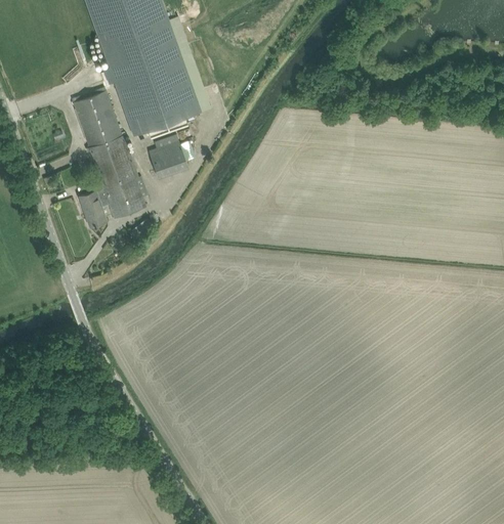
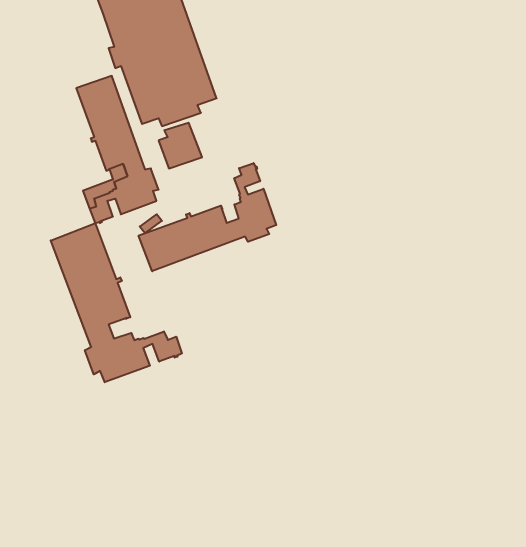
building: none -> [139,163,276,271]
building: none -> [51,223,182,382]

